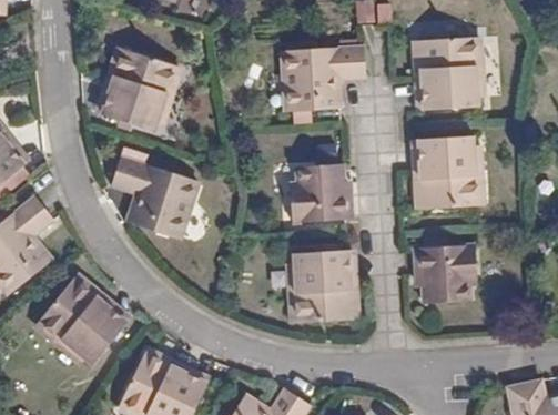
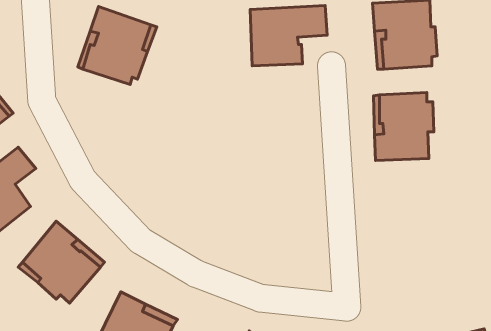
building: [110,152,196,236] -> none
building: [288,165,351,222] -> none
building: [416,245,478,303] -> none
building: [286,250,355,324] -> none

